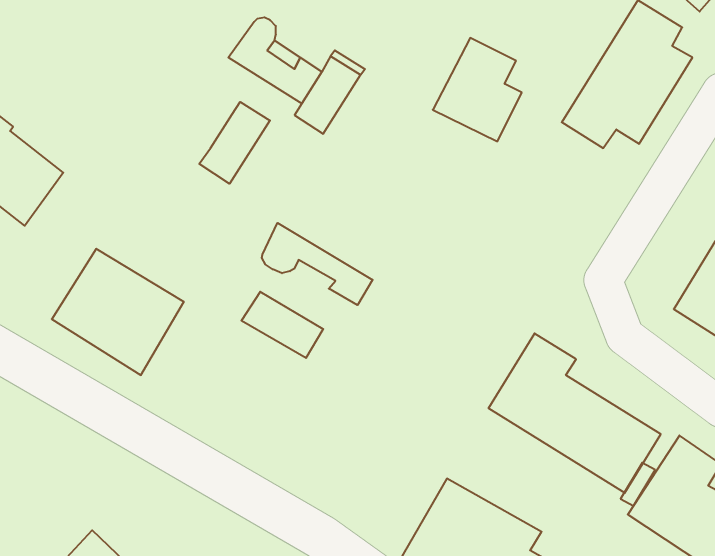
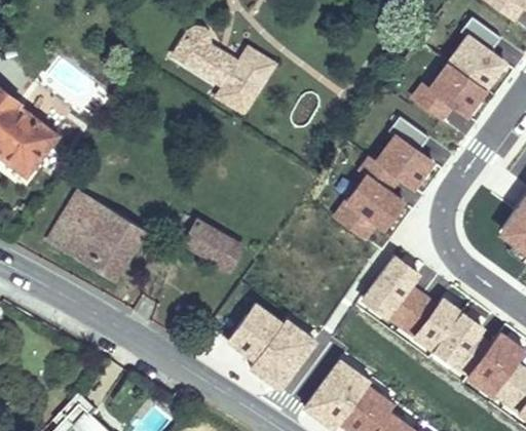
building: [433,38,522,141] -> [372,118,436,192]
building: [199,102,270,184] -> none
building: none -> [334,171,406,246]
building: [262,223,373,305] -> none
building: none -> [224,296,317,390]

